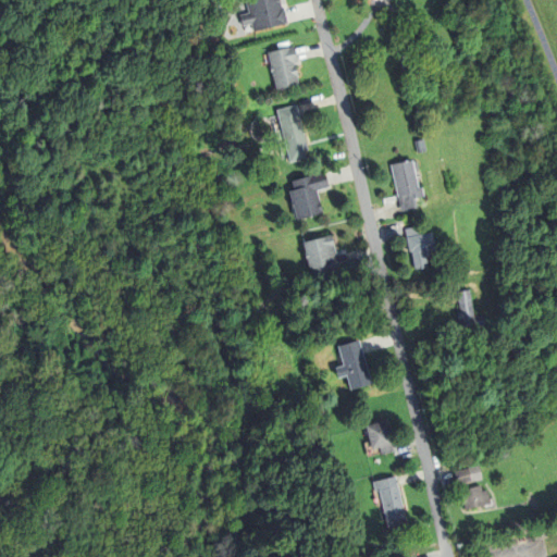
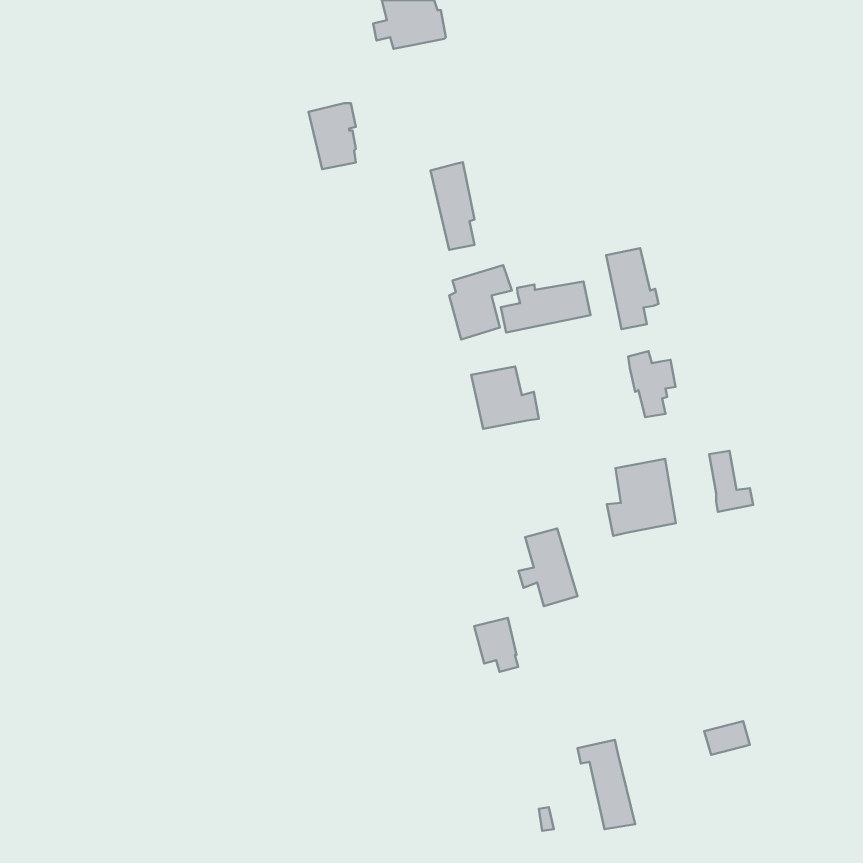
building: [268,47,298,89] -> [309,103,356,169]
building: none -> [501,282,590,332]
building: none -> [607,459,676,536]
building: [366,420,394,455] -> [474,618,518,672]
building: [460,485,491,510] -> none

